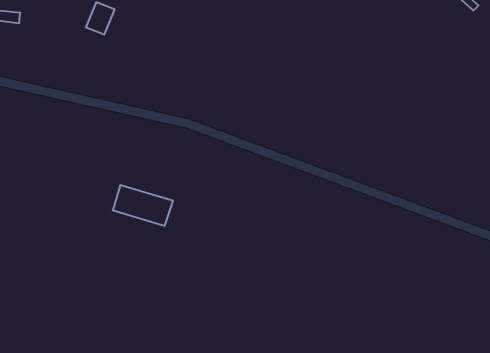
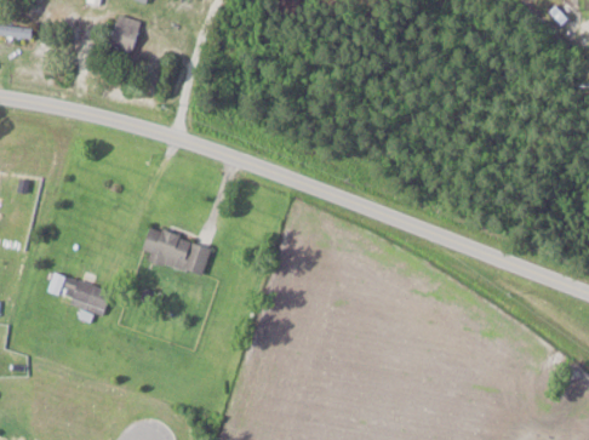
building: none -> [58,276,111,316]

